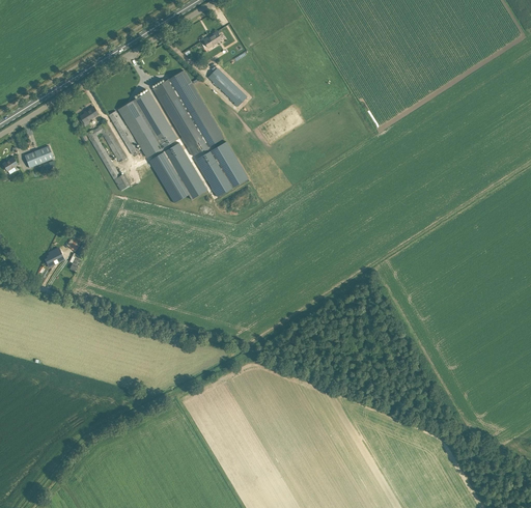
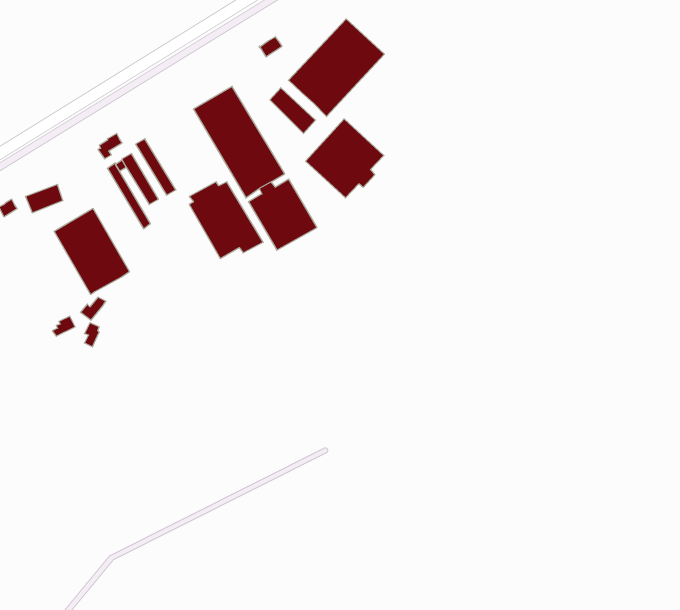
building: none -> [288,19,384,117]
building: [118,90,176,157] -> [54,209,129,294]
building: none -> [306,119,384,198]

